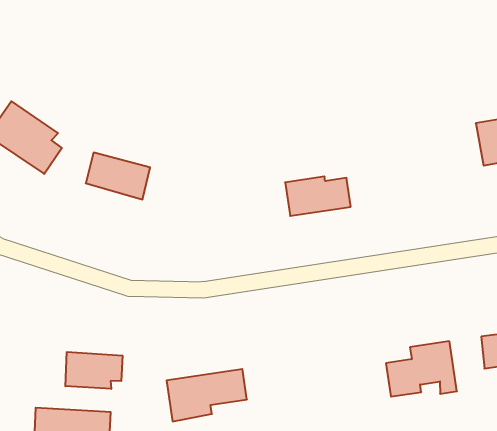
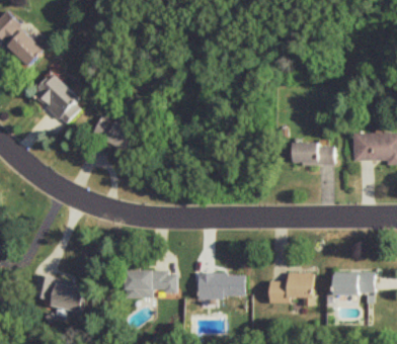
building: [285,177,351,216] -> [292,142,332,164]
building: [65,352,123,389] -> none
building: none -> [196,272,243,299]

